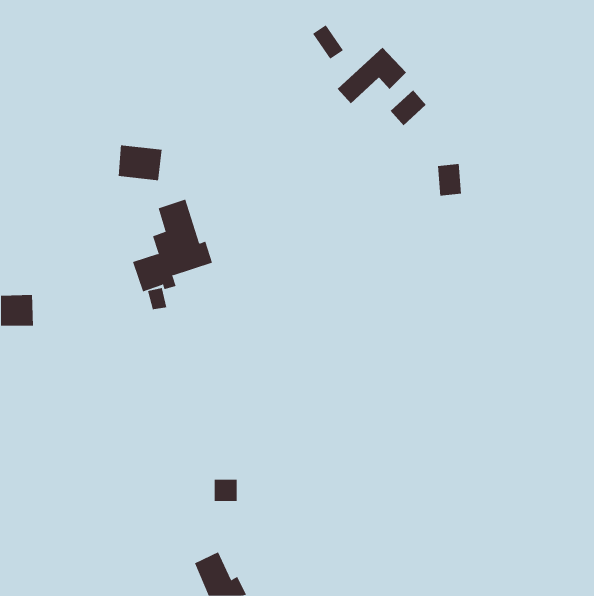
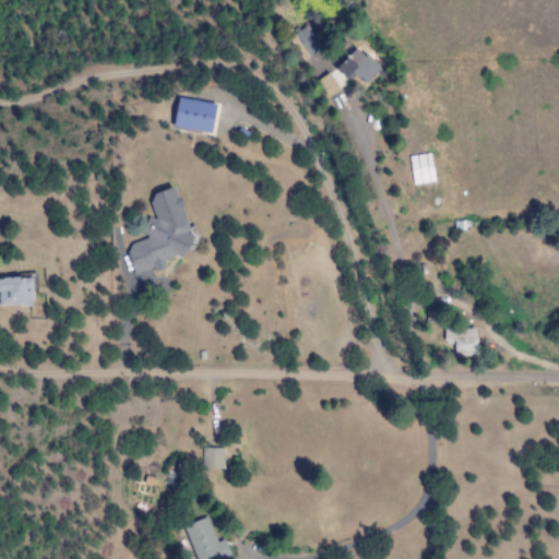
building: [390,89,427,126] -> none
building: [118,145,162,181] -> [176,98,217,132]
building: none -> [445,328,478,355]

